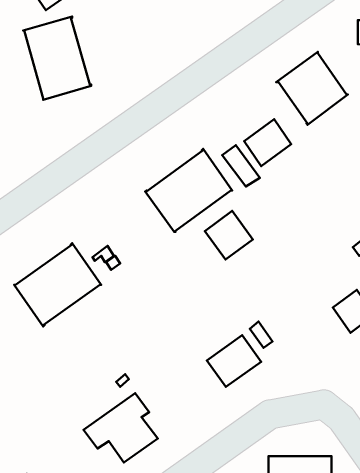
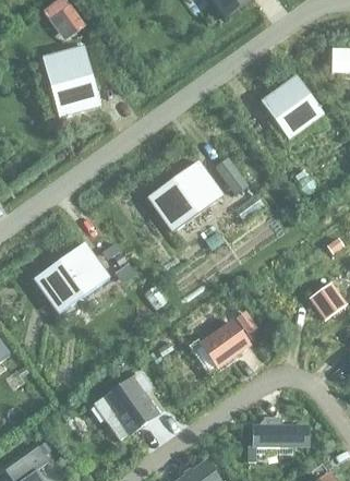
building: [244,119,291,166] -> none
building: [205,211,253,260] -> none

